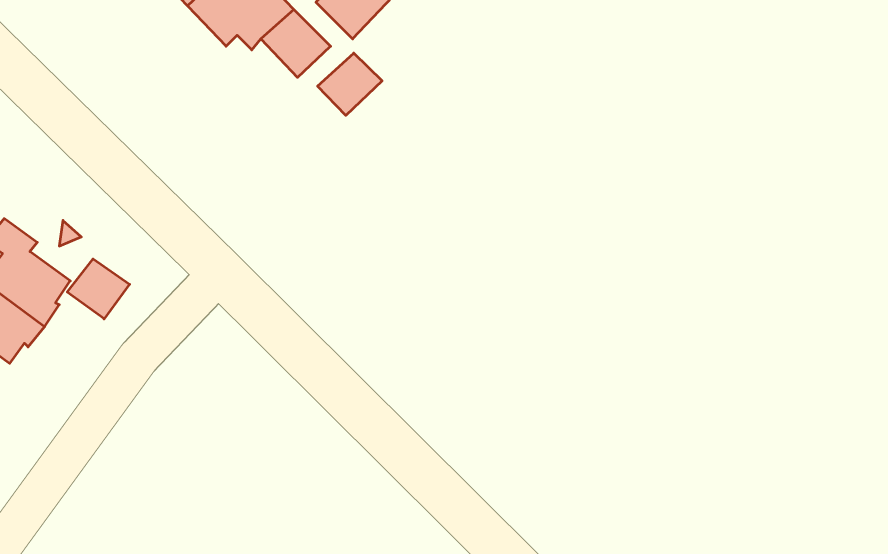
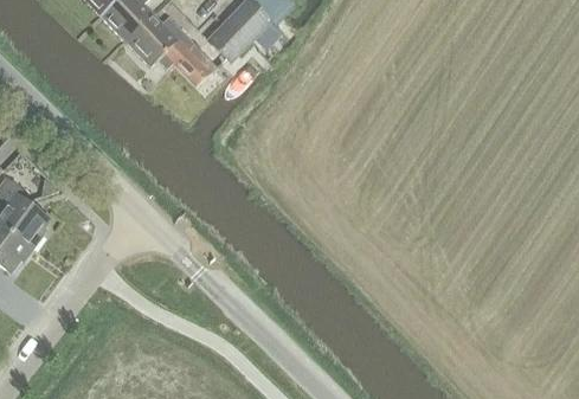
building: [318,53,382,115] -> none
building: [67,259,130,319] -> none

